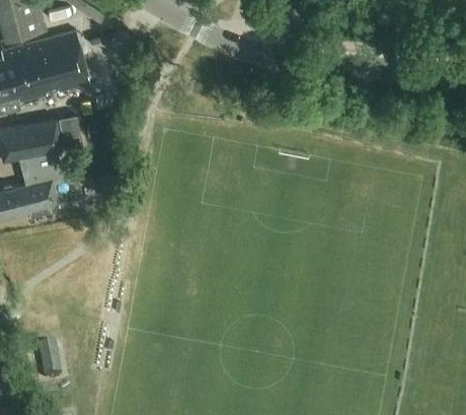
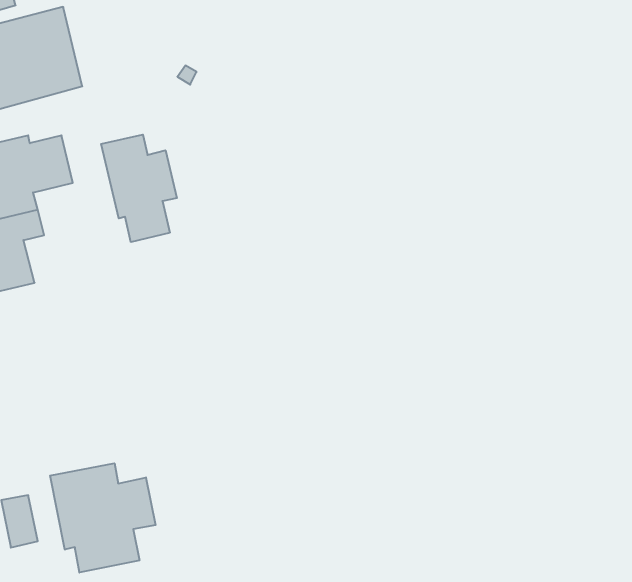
building: none -> [101,135,177,242]
building: none -> [50,463,156,573]

